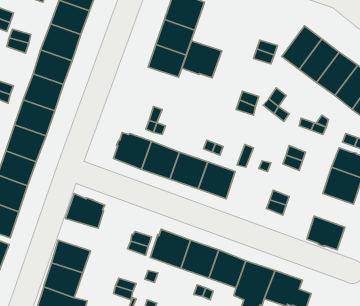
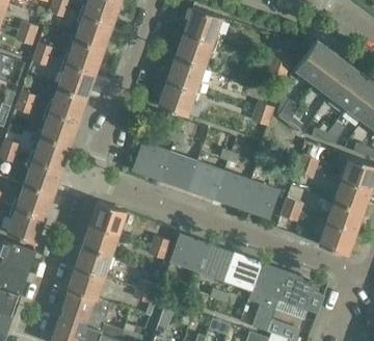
building: [182,41,222,78] -> [158,80,196,115]
building: none -> [242,180,277,215]
building: none -> [326,201,364,233]
building: none -> [81,225,119,256]

